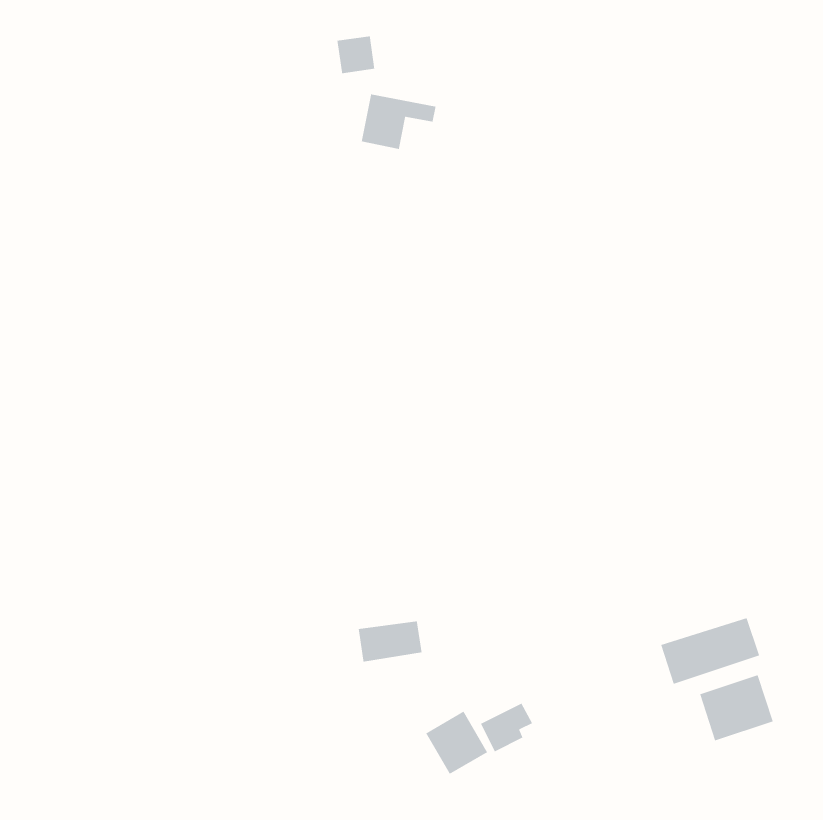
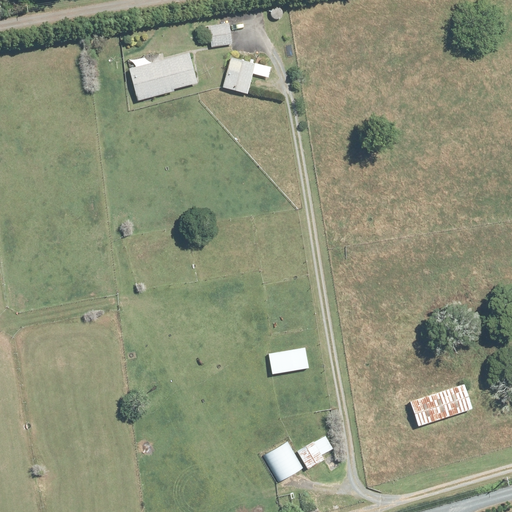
building: none -> [130,52,197,99]
building: [358,621,422,662] -> [269,347,309,373]
building: [699,674,774,742] -> none

